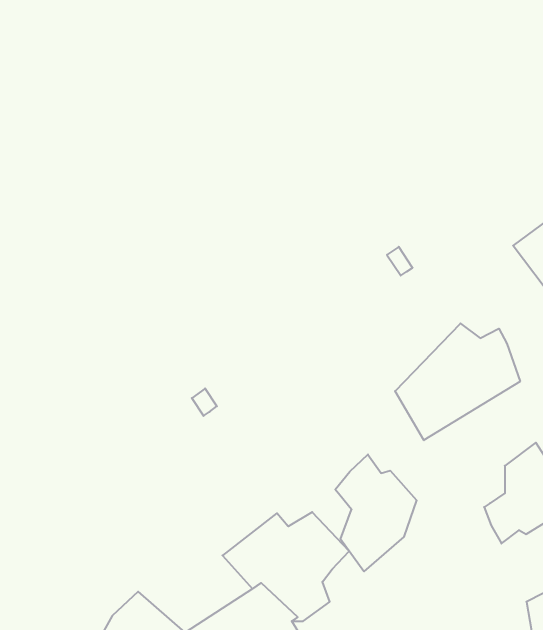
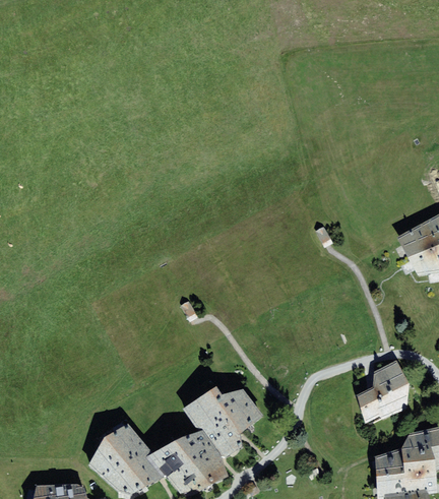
building: [395,323,520,440] -> none
building: [335,454,417,571] -> none

